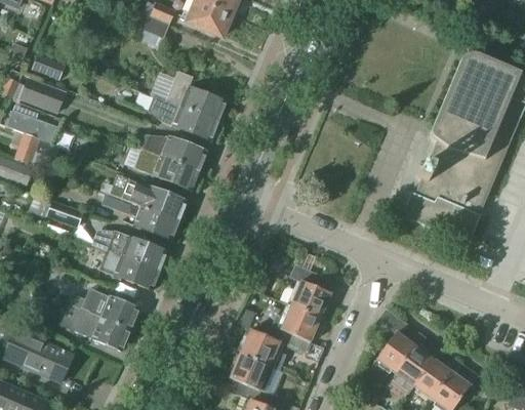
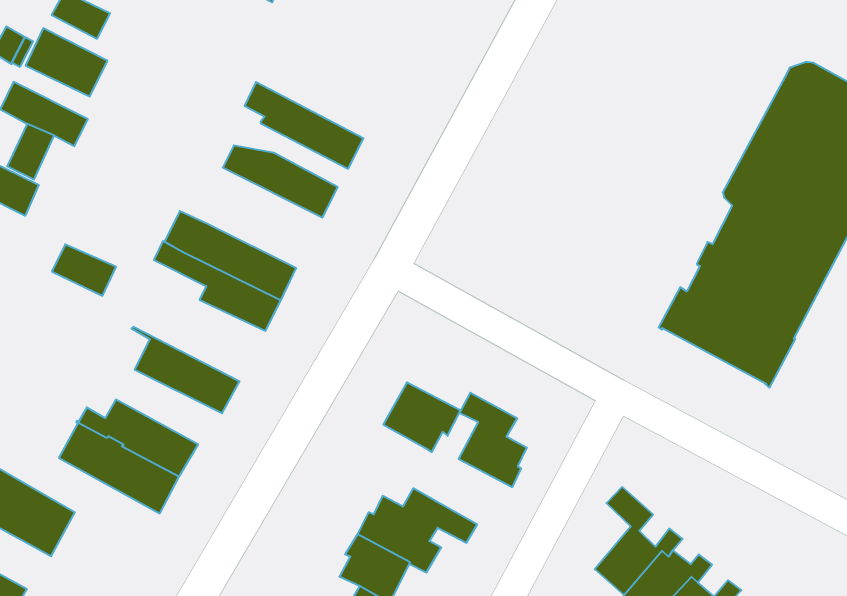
building: [153,70,227,122] -> none
building: [123,145,199,190] -> none
building: [95,230,167,270] -> none
building: [280,302,324,341] -> [383,382,461,452]

